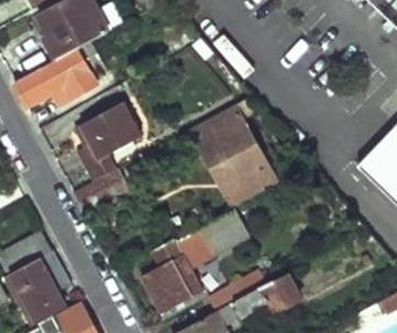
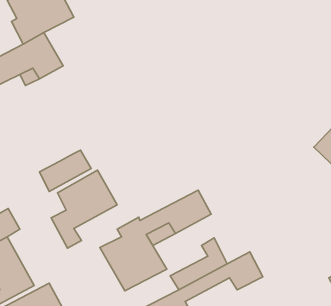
building: [79,101,146,181] -> [51,170,117,248]
building: [192,101,279,208] -> none

